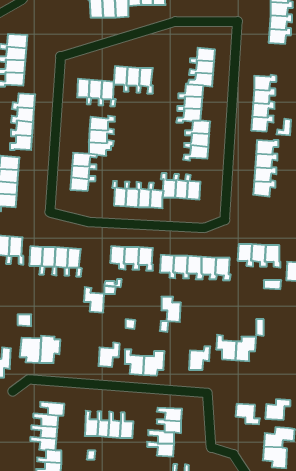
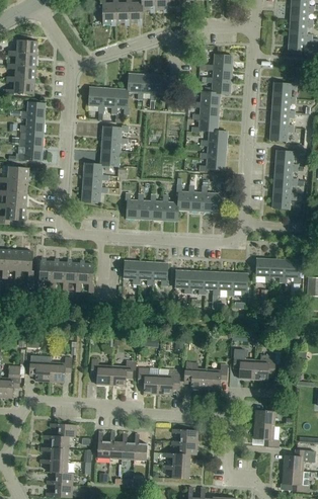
building: [84,287,104,312] -> [90,358,111,385]
building: [161,297,181,322] -> [185,362,206,389]
building: [265,399,290,420] -> [254,404,281,425]

